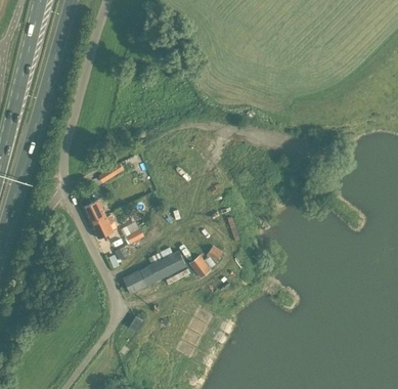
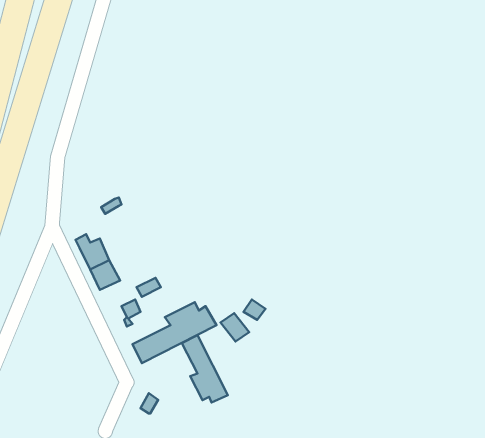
building: none -> [182,335,228,403]

